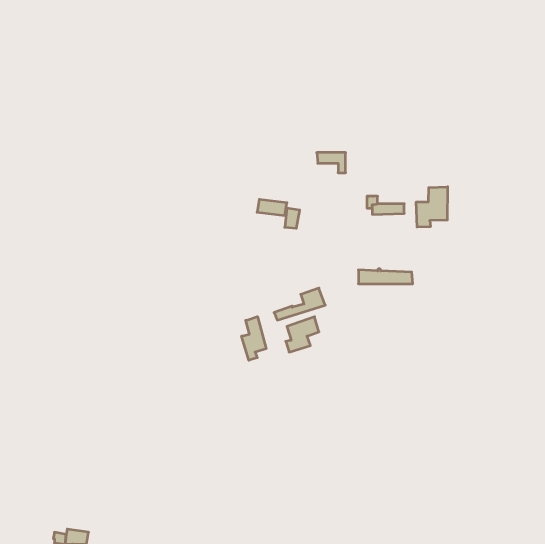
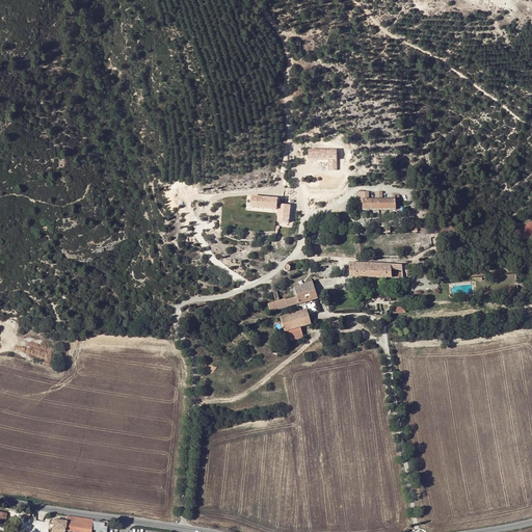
building: [416,187,448,227] -> none
building: [242,317,266,360] -> none

